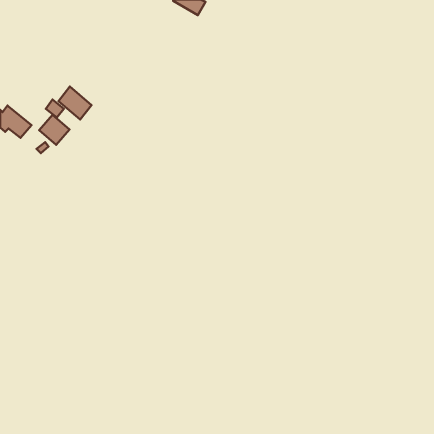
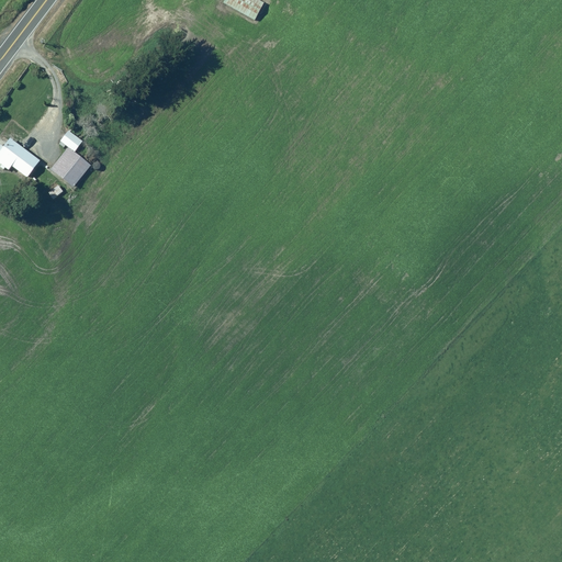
building: [58,87,92,120] -> none

